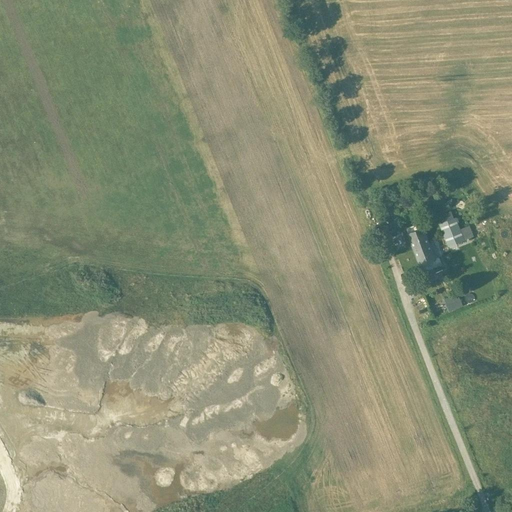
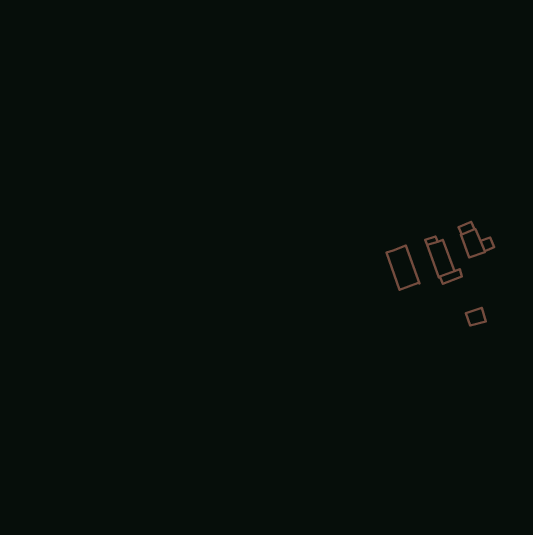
building: none -> [387,245,419,290]

